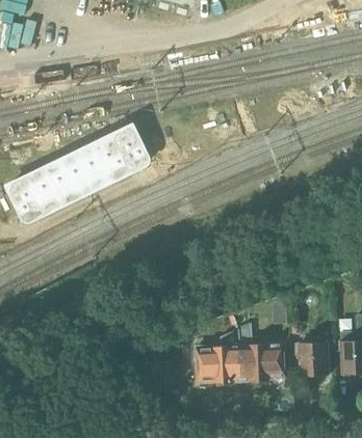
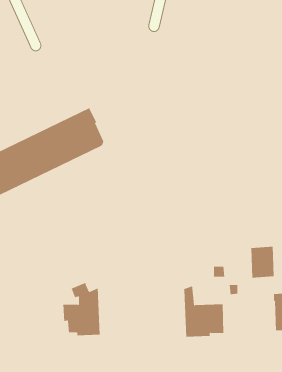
building: [199,322,241,382] -> [63,282,101,336]
building: [300,340,327,377] -> [251,246,275,278]

